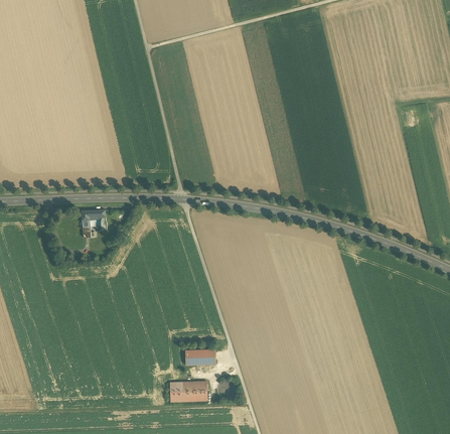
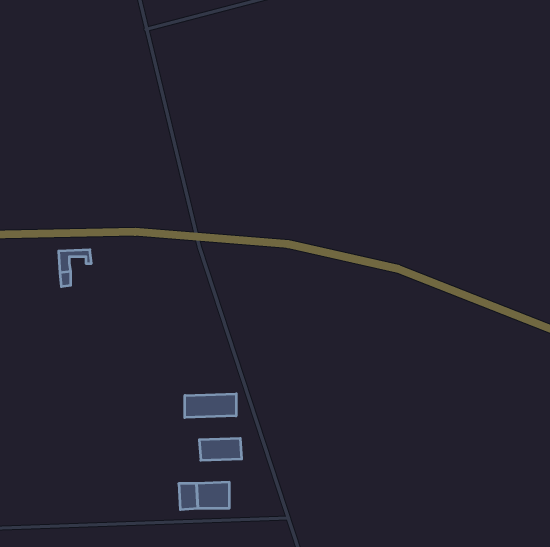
building: none -> [185,394,236,418]

